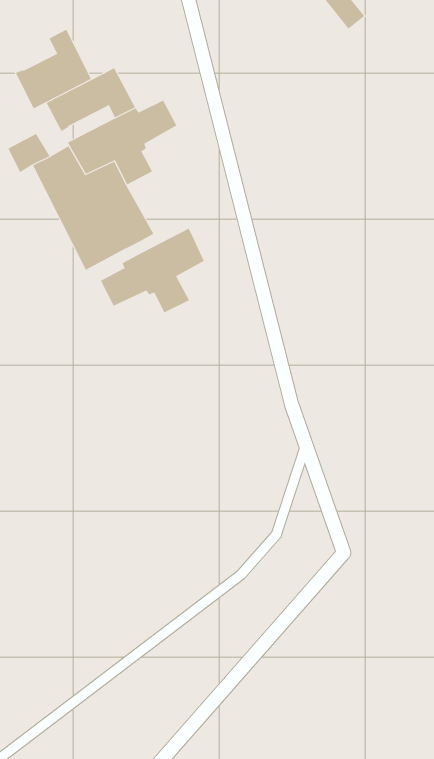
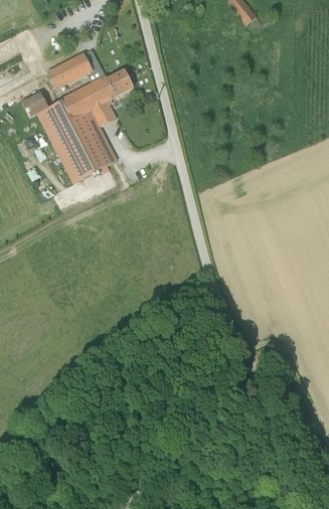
building: [15,29,92,109] -> none
building: [100,228,204,313] -> none

